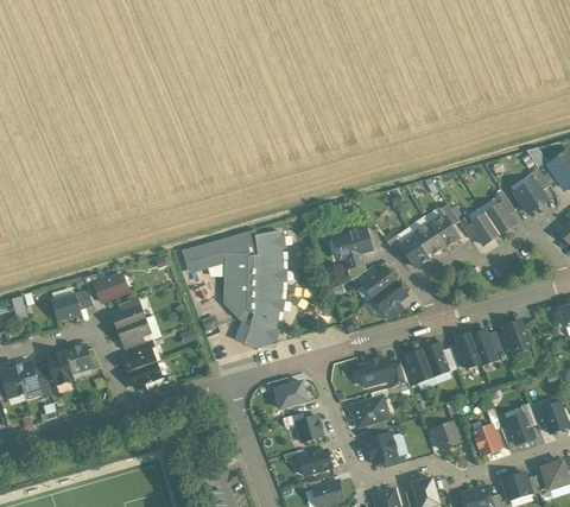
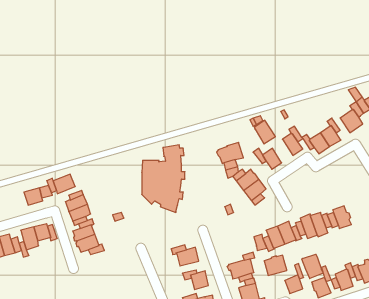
building: [414,222,445,256] -> [254,120,275,144]
building: [183,229,259,271] -> none
building: [235,312,280,348] -> none
building: [359,356,392,386] -> [264,255,287,275]
building: none -> [302,254,323,279]

